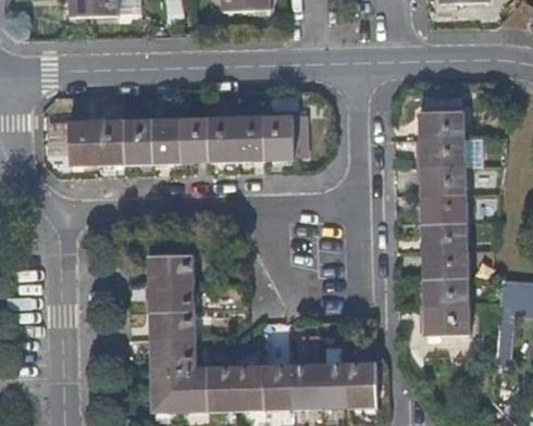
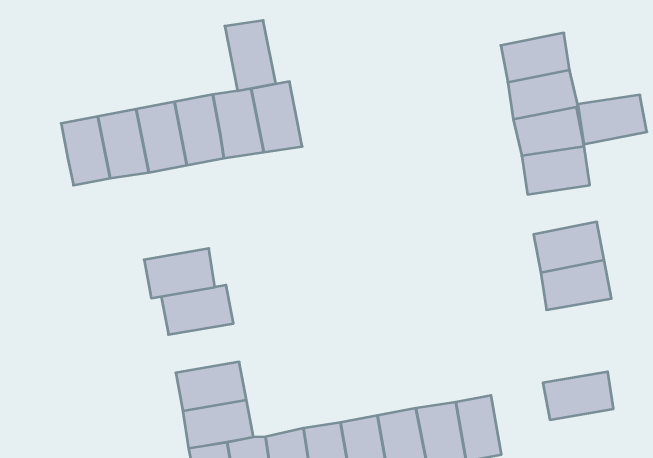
building: [262,115,293,163] -> [225,20,276,91]
building: [66,121,96,167] -> none
building: [421,222,468,251] -> [578,95,647,144]
building: [148,283,196,312] -> [144,248,215,298]
building: [422,305,470,334] -> [543,372,613,420]

